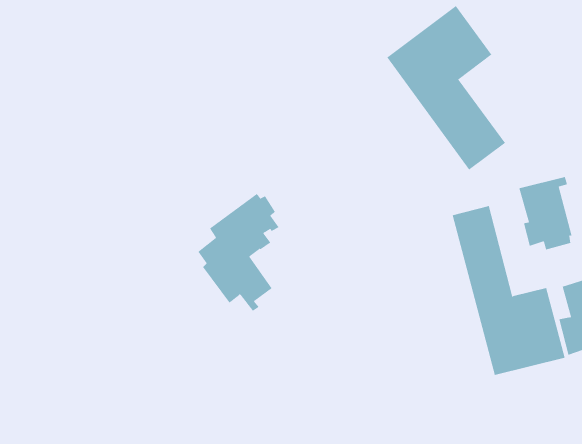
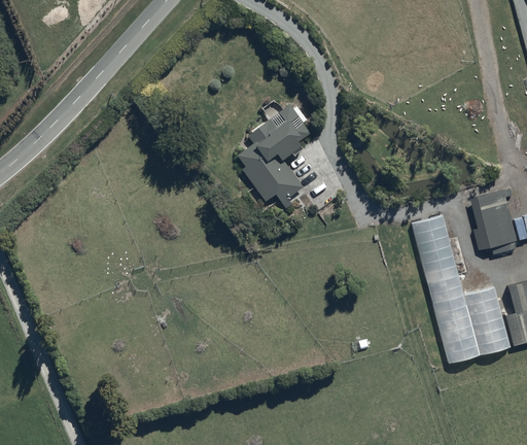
building: [386,5,506,170] -> none
building: [198,193,280,312] -> [238,104,310,208]

